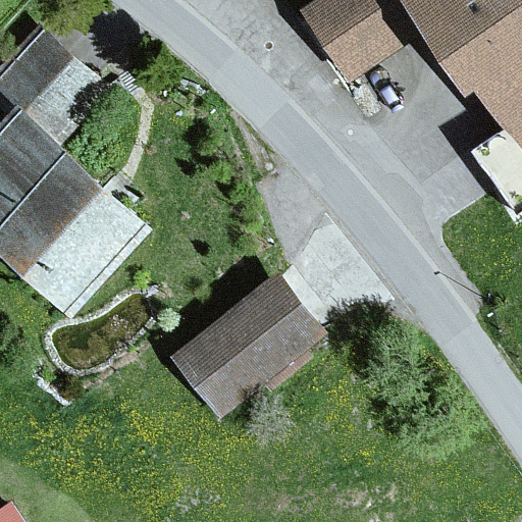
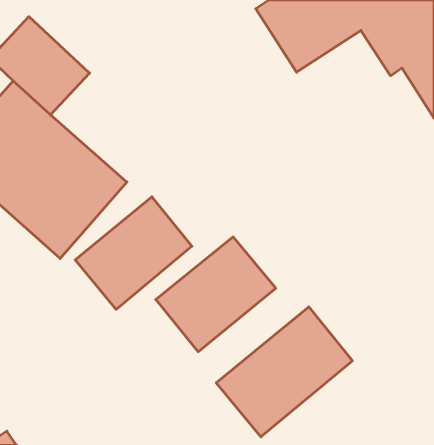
building: none -> [75,197,192,309]
building: none -> [216,307,352,437]

